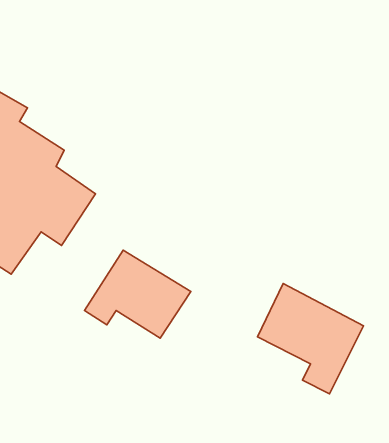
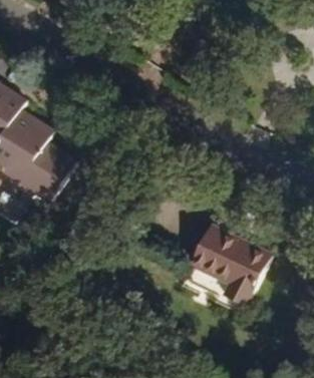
building: [84,250,191,338] -> none

